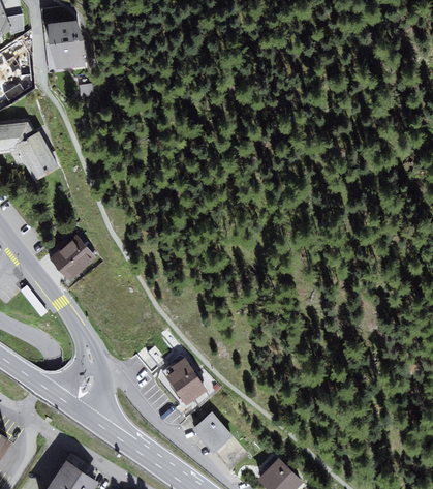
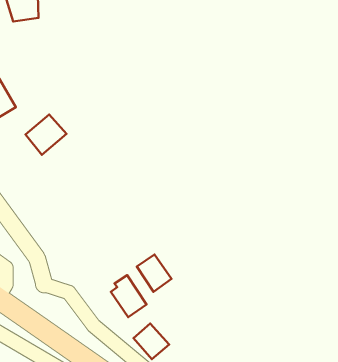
building: [50,236,96,281] -> [25,115,66,155]
building: none -> [137,254,171,292]

